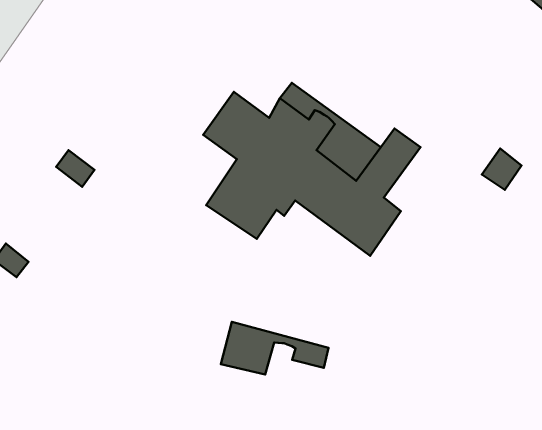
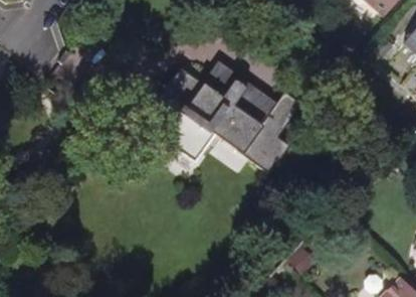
building: [221,322,328,374] -> none

